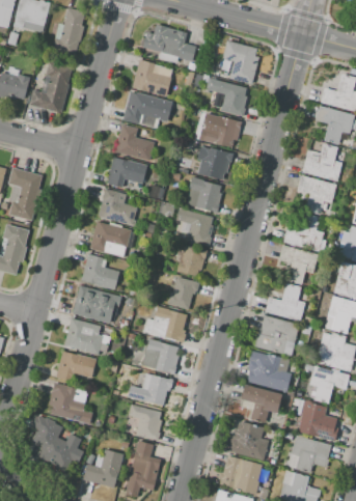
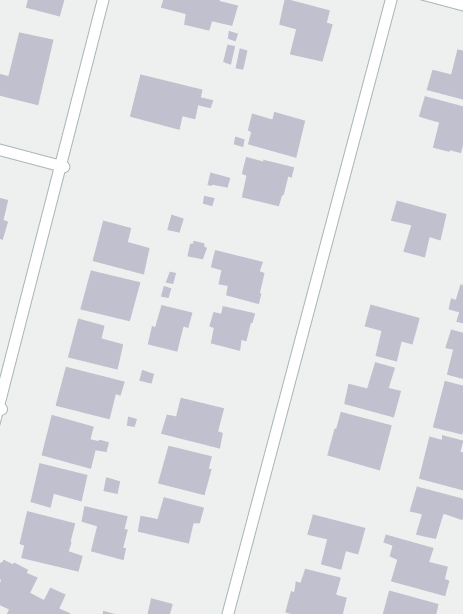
building: [131,60,173,96] -> none
building: [214,80,247,116] -> none
building: [115,124,154,161] -> none
building: [303,144,341,182] -> none
building: [107,157,147,187] -> none
building: [187,177,223,213] -> none
building: [283,213,323,252] -> none
building: [167,278,198,310] -> [147,304,193,352]
building: [247,351,291,392] -> none
building: [129,405,161,442] -> [81,505,129,561]

